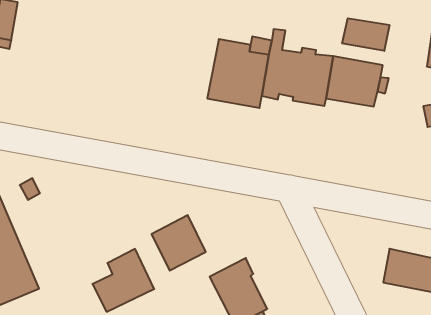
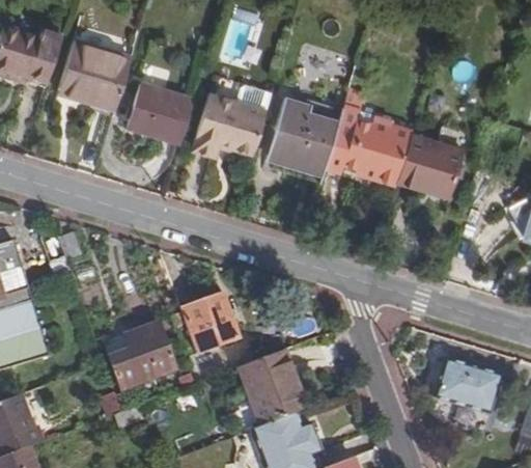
building: none -> [62,33,132,100]
building: [342,18,389,51] -> none
building: none -> [194,92,268,157]
building: none -> [129,86,191,142]

